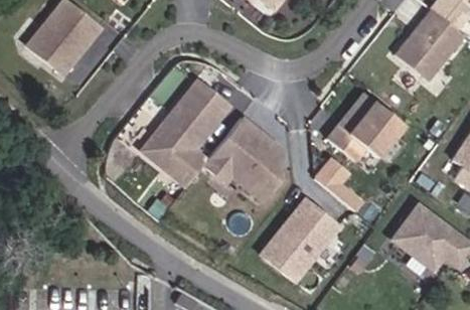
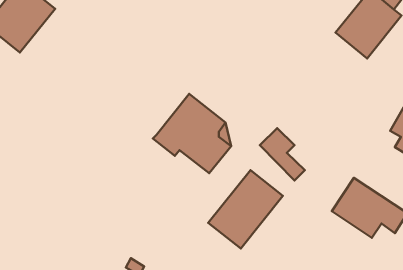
building: [145,83,230,185] -> none
building: [328,92,404,159] -> none

